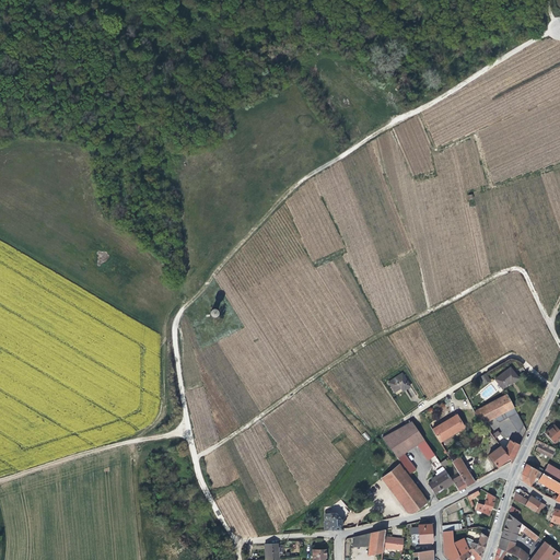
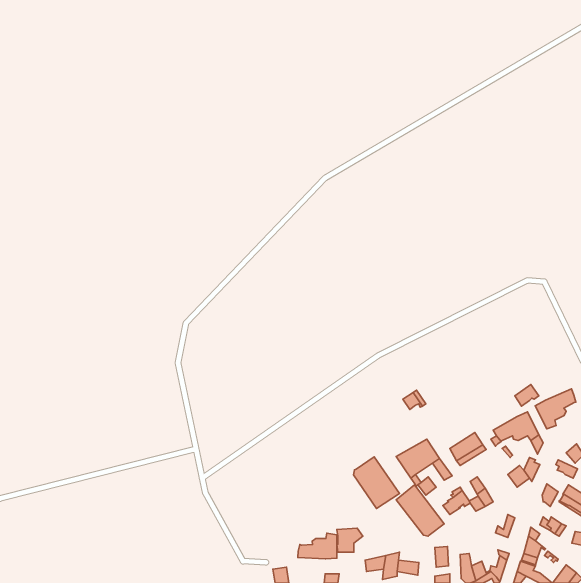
building: none -> [535,389,576,429]
building: none -> [353,457,400,509]
building: none -> [298,533,337,559]

